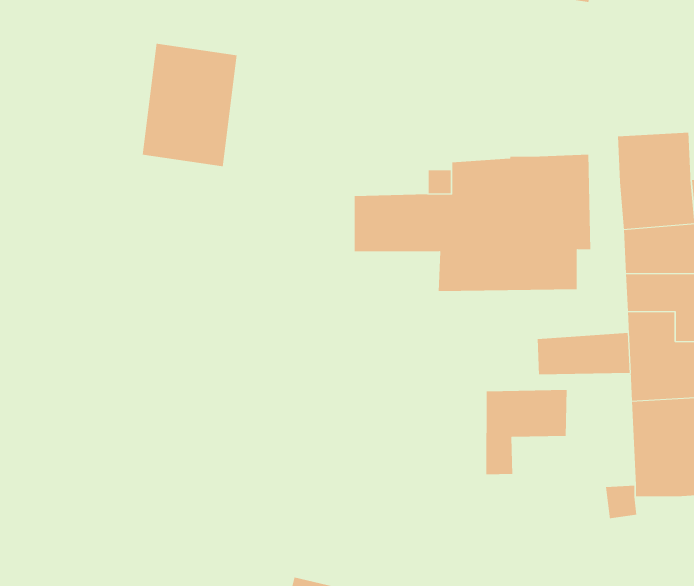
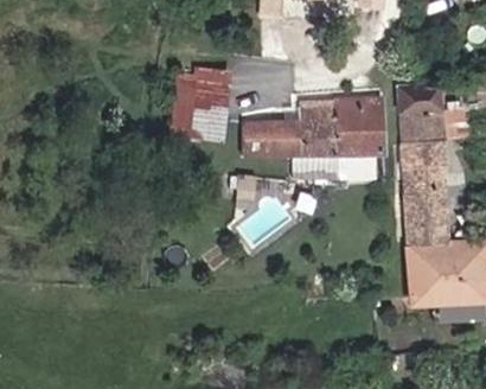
building: [142,43,237,167] -> [172,68,229,141]
building: [537,332,630,375] -> none
building: [486,389,567,475] -> none

